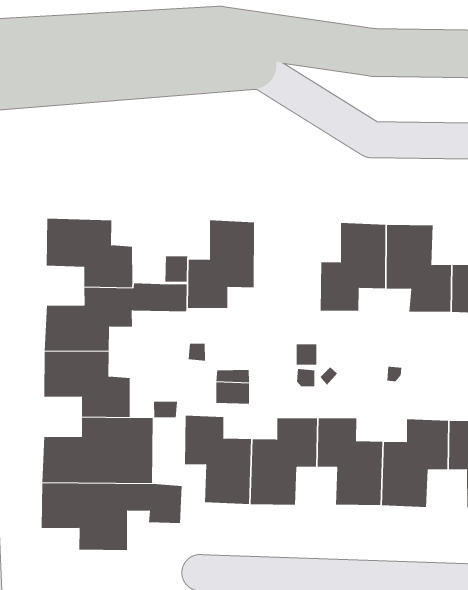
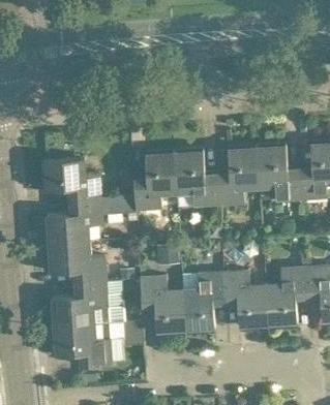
building: none -> [174,151,219,208]

